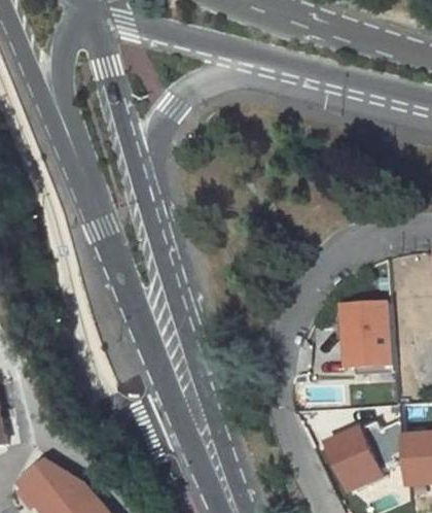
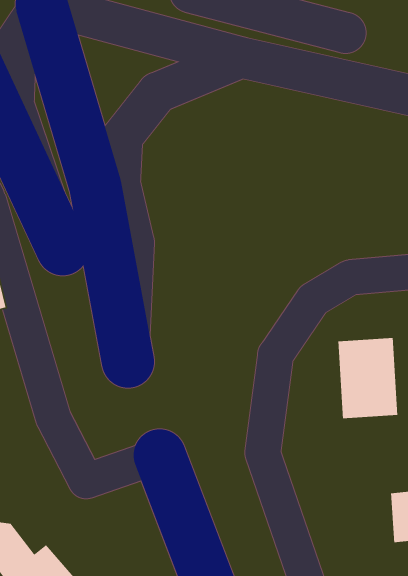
building: [325,424,386,494] -> none

